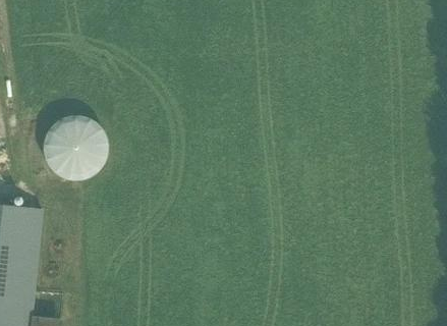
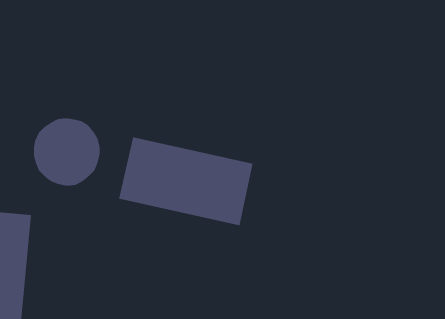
building: none -> [118,136,253,226]

